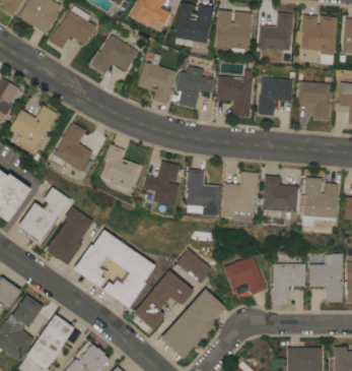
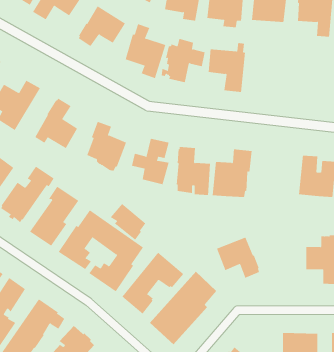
building: [256,77,292,115] -> none
building: [297,80,331,120] -> none
building: [258,175,300,221] -> none
building: [177,248,211,284] -> [110,203,146,240]
building: [271,263,305,302] -> none

